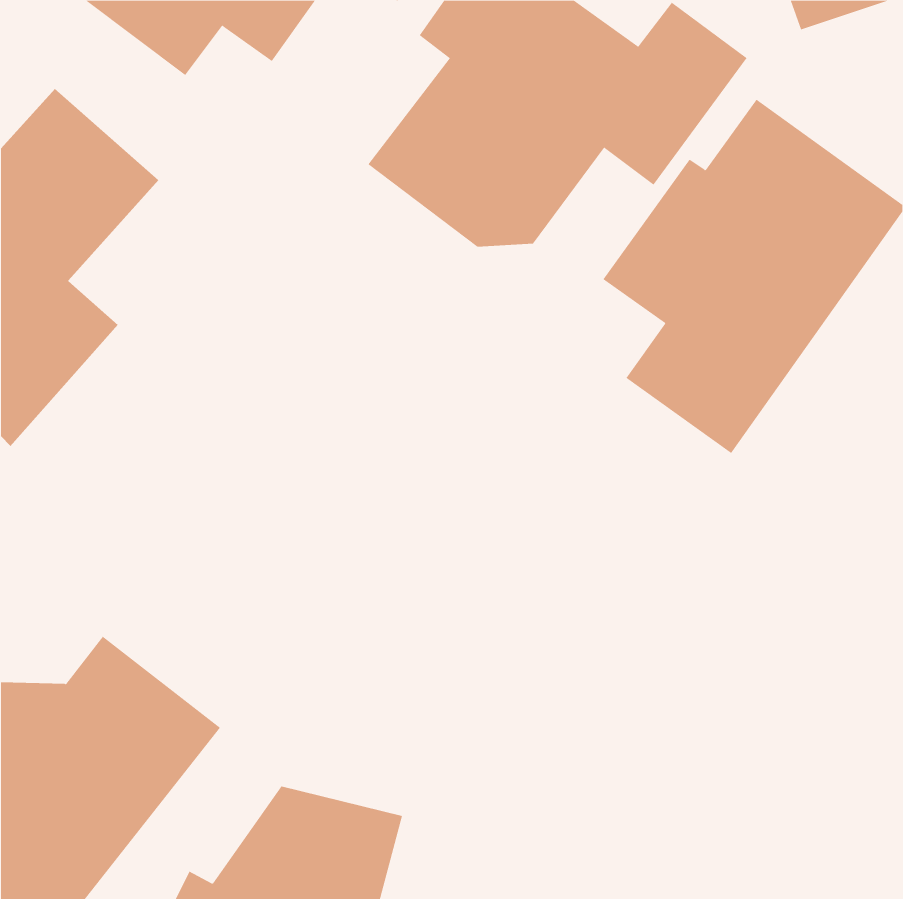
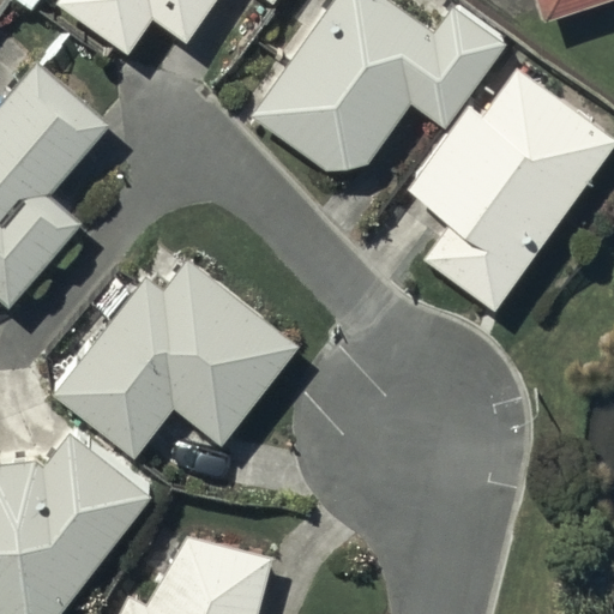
building: none -> [48,259,295,459]

